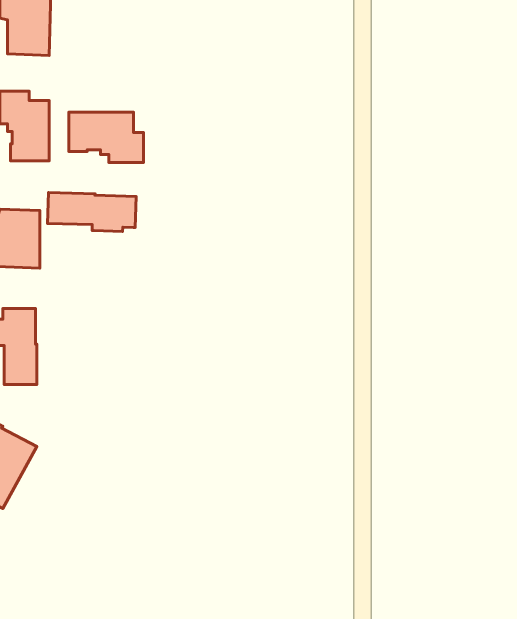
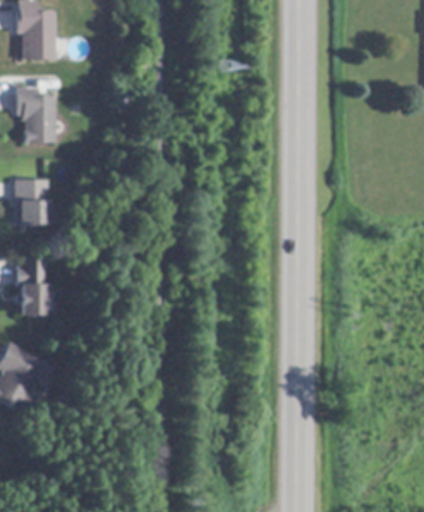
building: [69,112,144,162] -> none
building: [48,192,136,231] -> none

